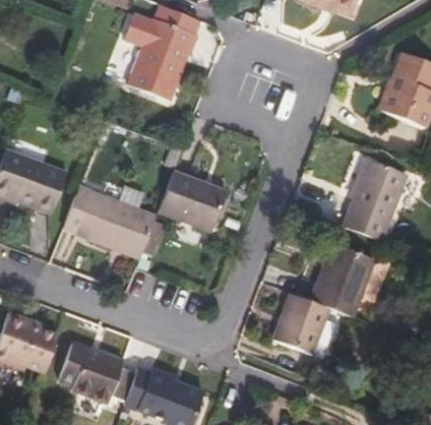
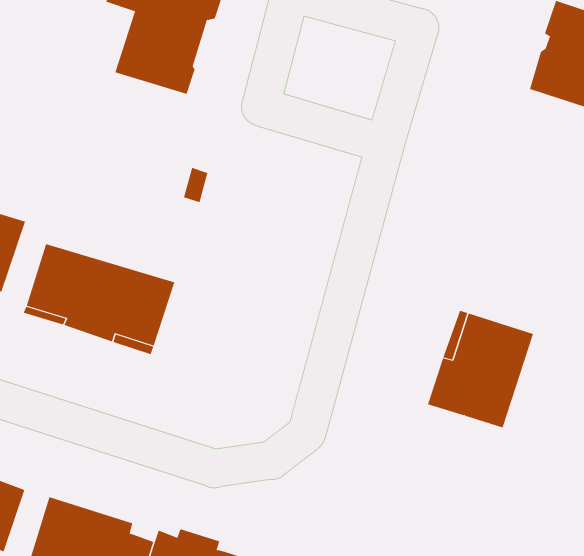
building: [344,160,408,240] -> none
building: [159,170,229,232] -> none
building: [271,292,330,354] -> none

